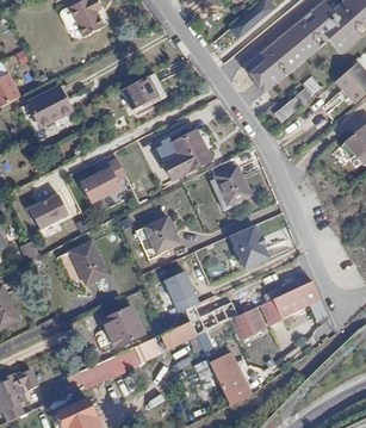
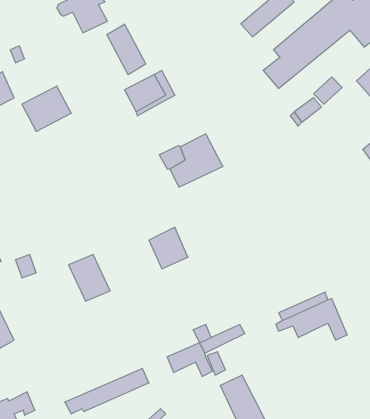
building: none -> [107,24,146,75]
building: [80,166,122,203] -> none
building: [215,166,250,205] -> none
building: [27,193,68,229] -> none
building: [228,224,269,269] -> none
building: [162,271,198,311] -> none
building: [103,306,145,347] -> none
building: [230,306,266,339] -> none

